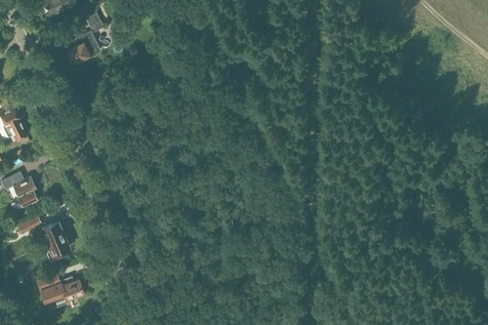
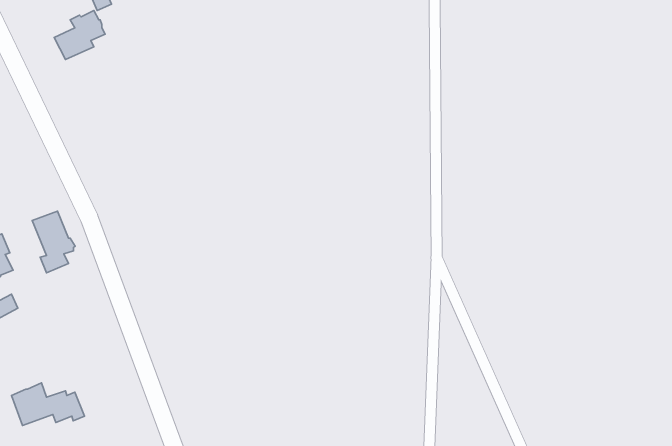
building: [41,222,69,262] -> [32,211,75,273]

